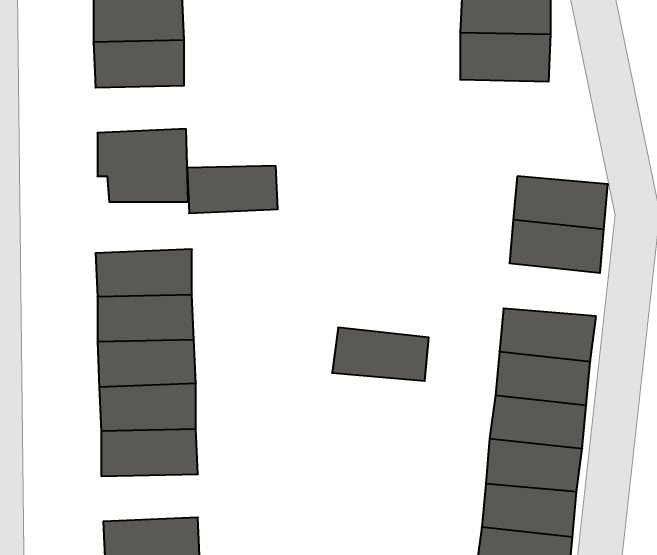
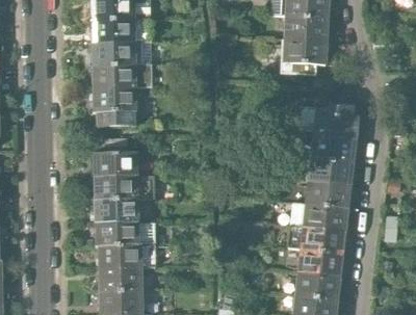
building: [187,166,278,213] -> [90,62,138,87]
building: [332,328,429,381] -> [306,156,357,184]
building: none -> [94,267,145,292]

